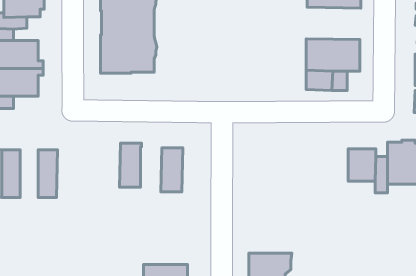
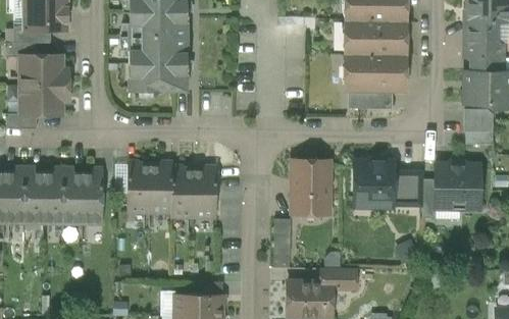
building: none -> [349,20,407,55]
building: none -> [293,161,329,214]
building: none -> [354,162,394,207]
building: none -> [128,165,151,212]
building: none -> [171,169,195,217]
building: none -> [44,172,63,223]
building: none -> [83,172,103,224]
building: none -> [274,220,291,256]
building: none -> [320,269,357,290]

